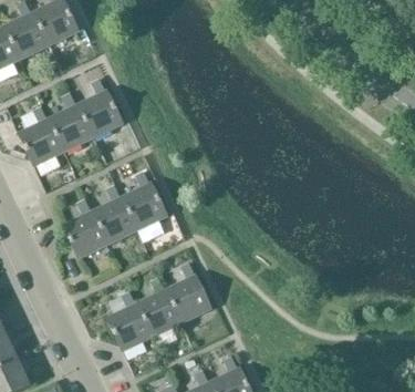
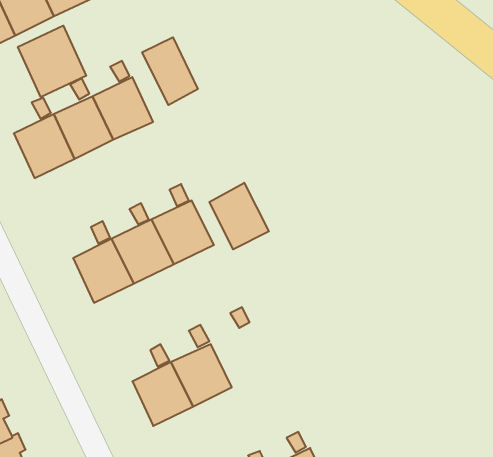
building: none -> [18,26,86,97]
building: none -> [142,37,198,105]
building: none -> [209,183,269,249]
building: [165,275,210,321] -> none

